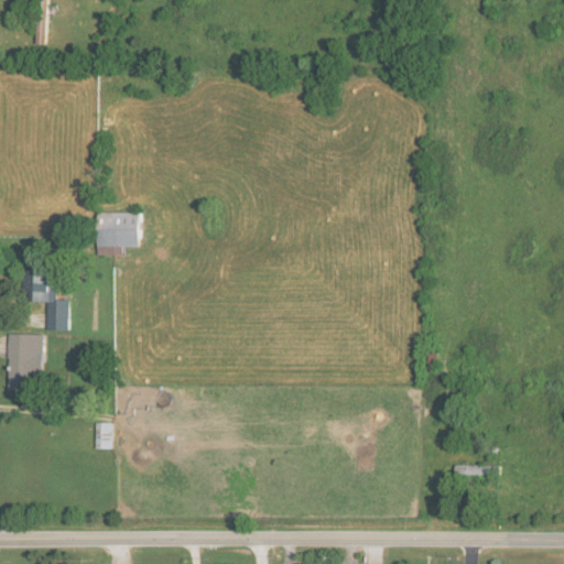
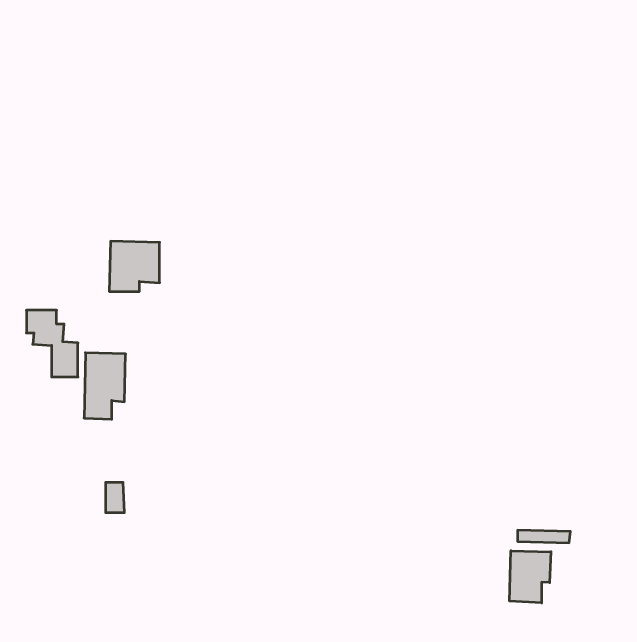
building: [7,334,43,392] -> [84,353,126,419]
building: none -> [510,551,551,603]

